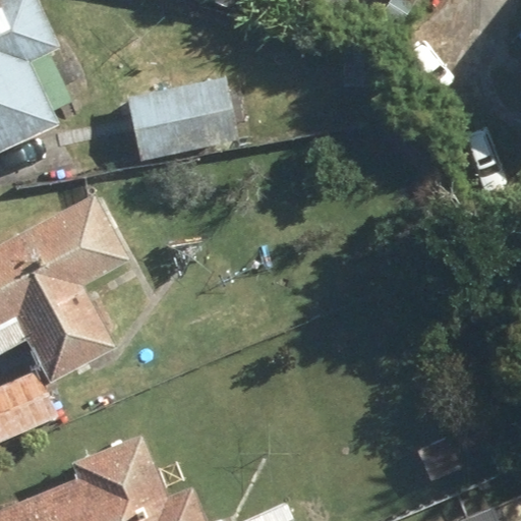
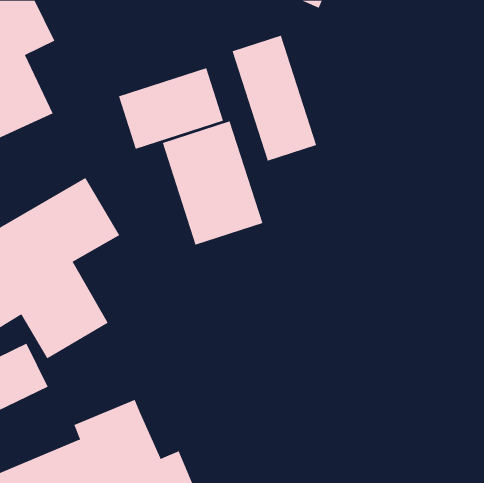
building: none -> [232,35,317,161]
building: none -> [162,120,263,246]

